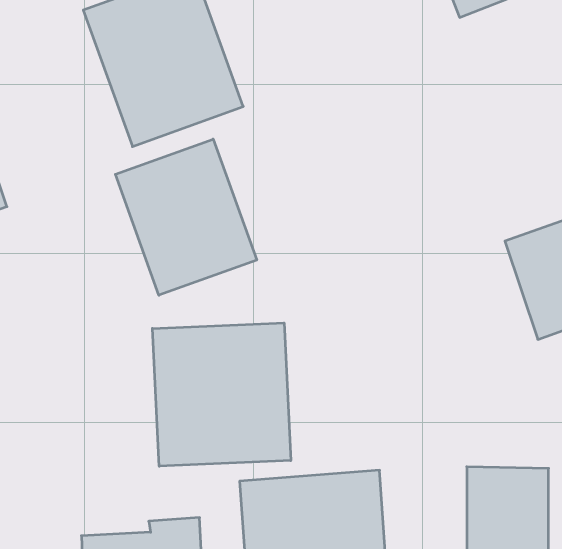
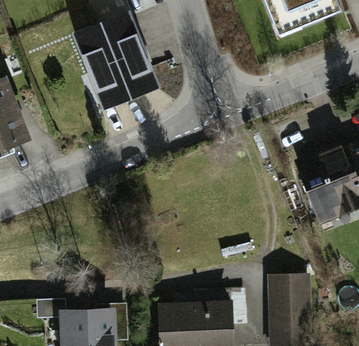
building: [115,139,257,295] -> none
building: [152,323,291,466] -> none

